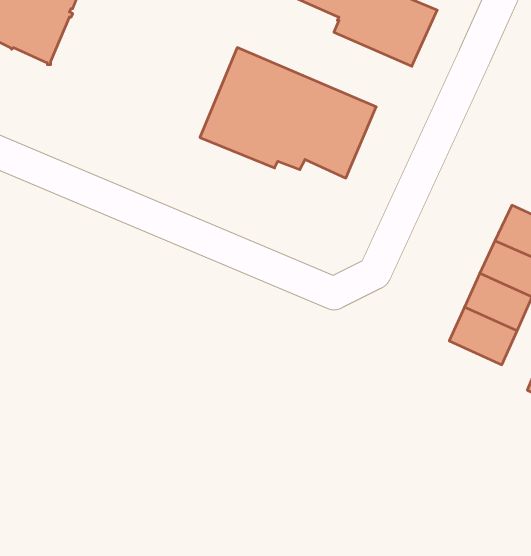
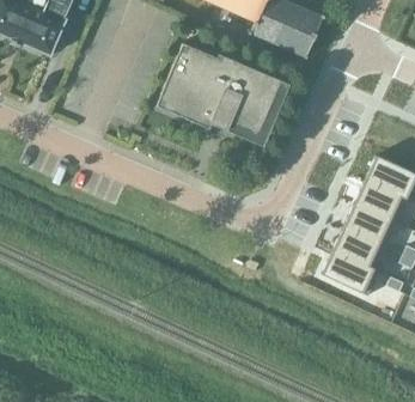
building: none -> [322,250,374,293]

